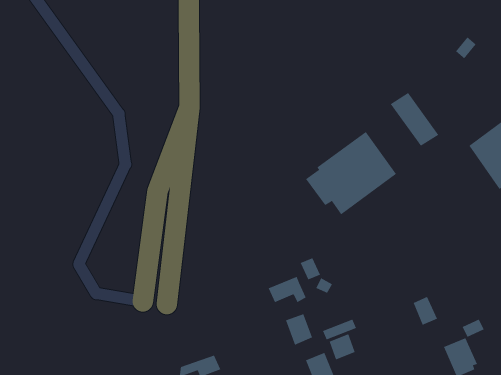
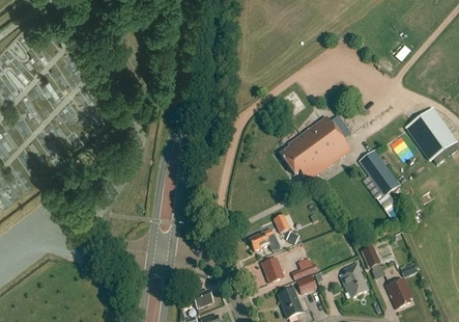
building: [390,92,439,147] -> [358,151,397,193]
building: none -> [341,262,367,297]

